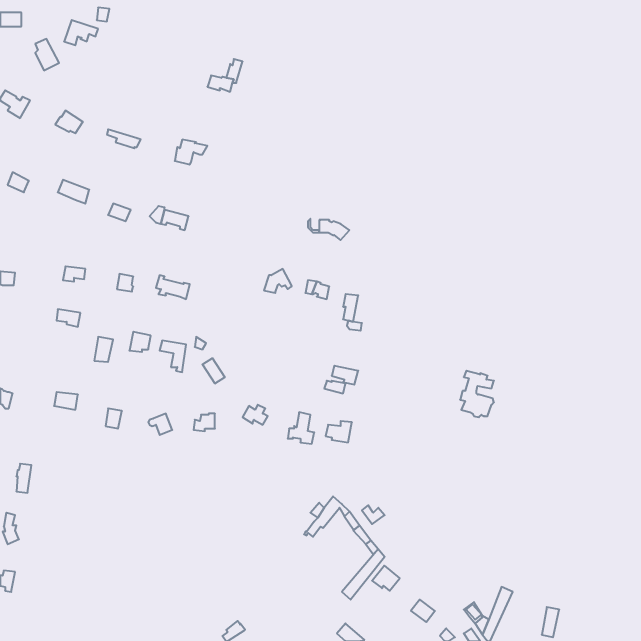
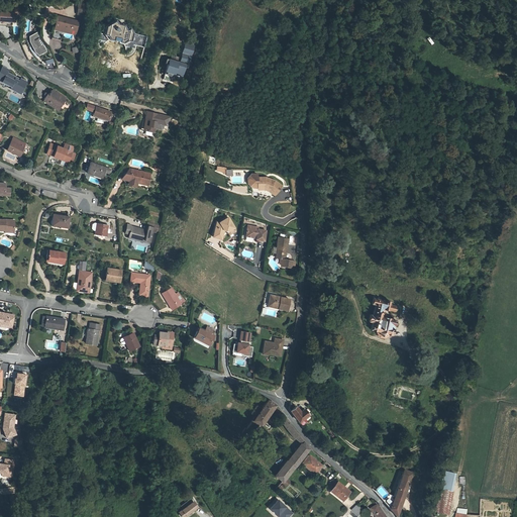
building: none -> [100,19,138,46]

